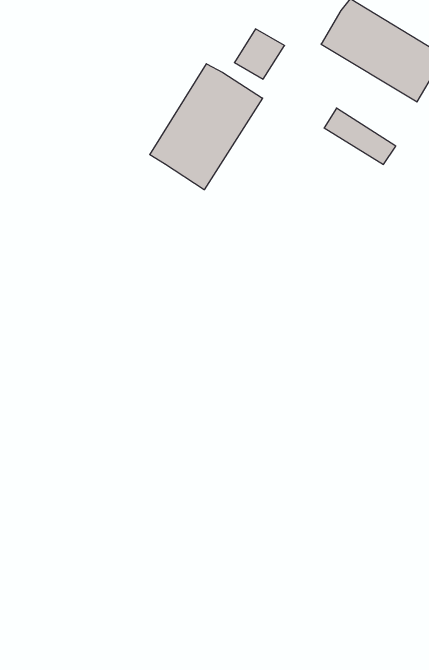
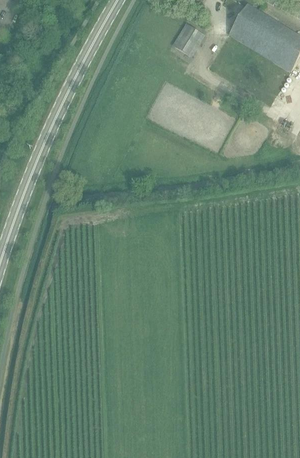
building: [150,64,263,190] -> none

